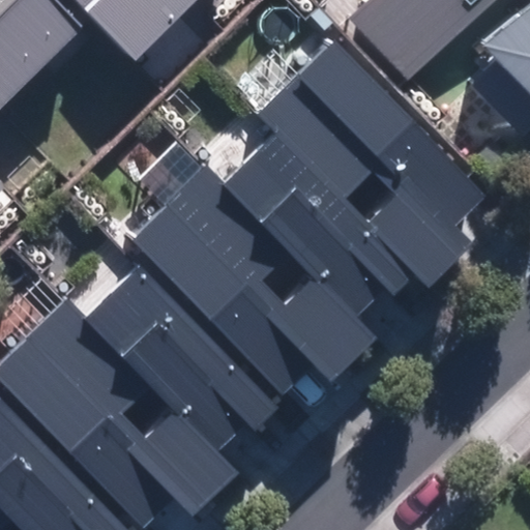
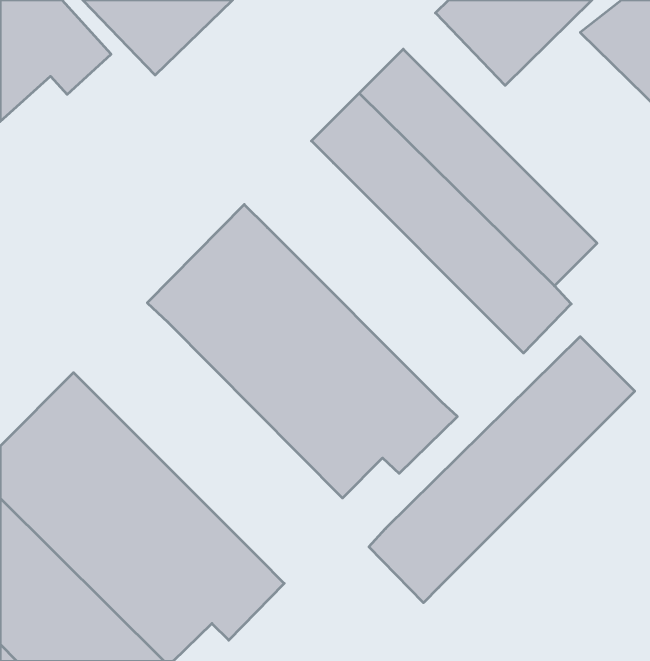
building: [223,130,415,322] -> none
building: [85,258,283,447] -> none
building: none -> [369,337,635,603]

